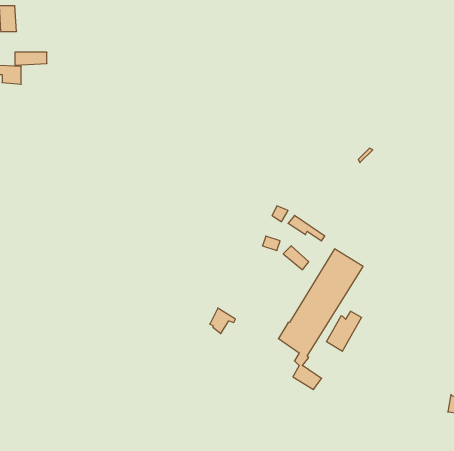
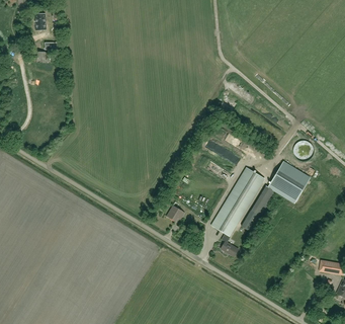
building: none -> [268,161,310,202]

